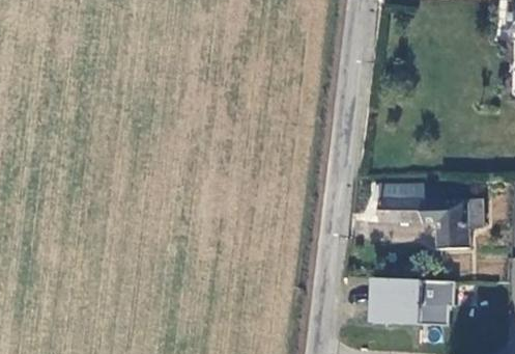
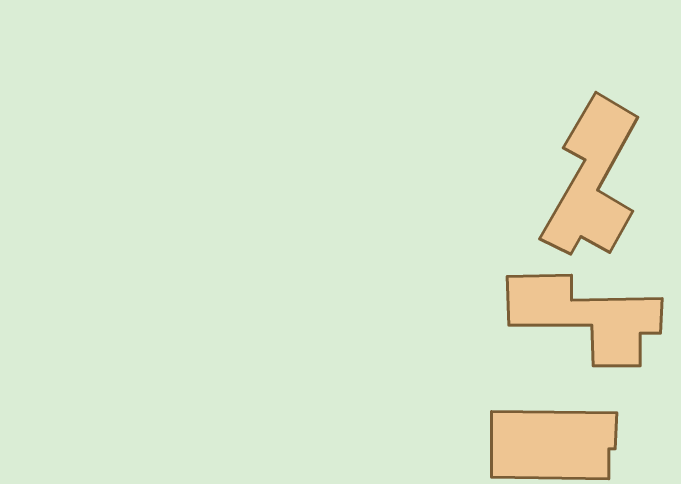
building: none -> [540,92,638,254]

